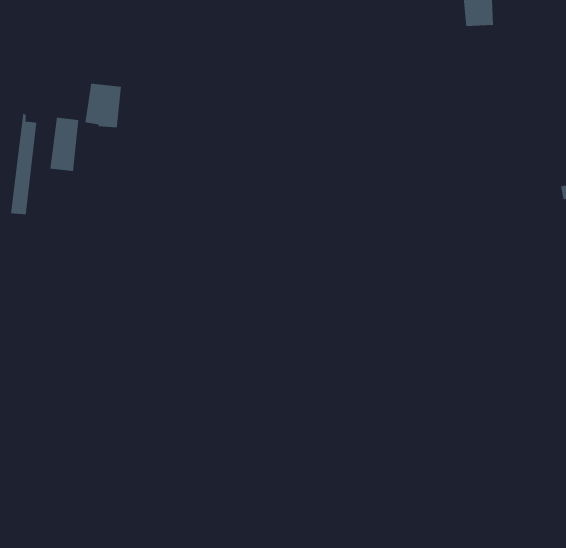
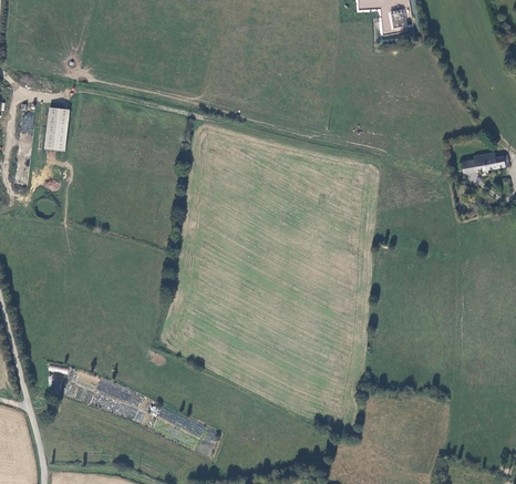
building: [85,83,121,128] -> none

